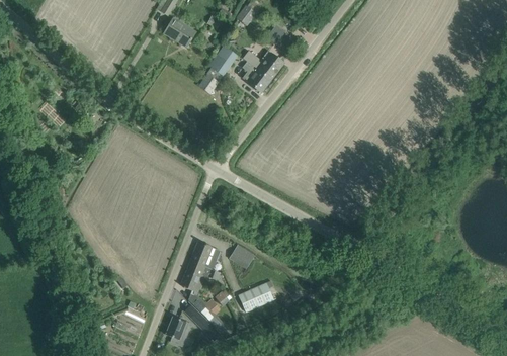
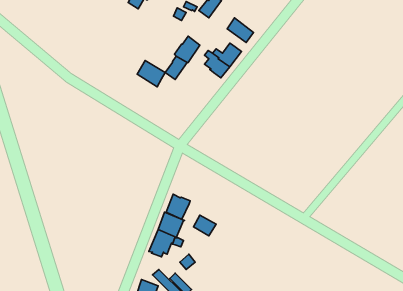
building: [164,17,195,47] -> [137,61,165,87]
building: none -> [166,194,190,219]
building: [238,280,273,312] -> none

